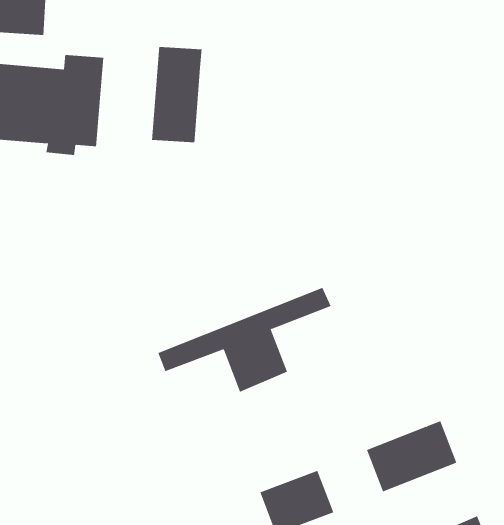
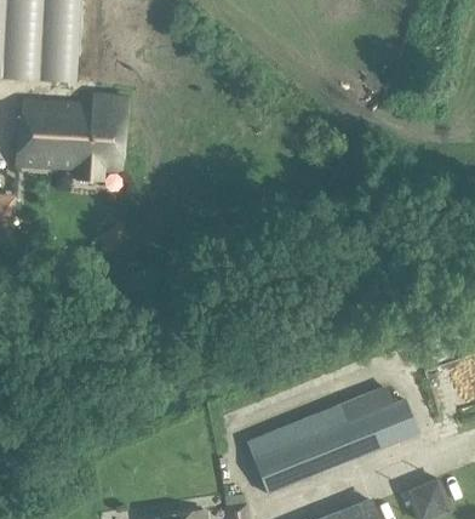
building: [152,46,202,143] -> none
building: [157,287,332,392] -> [247,387,391,474]

